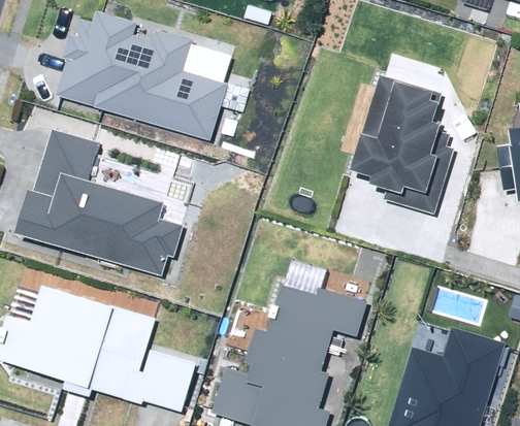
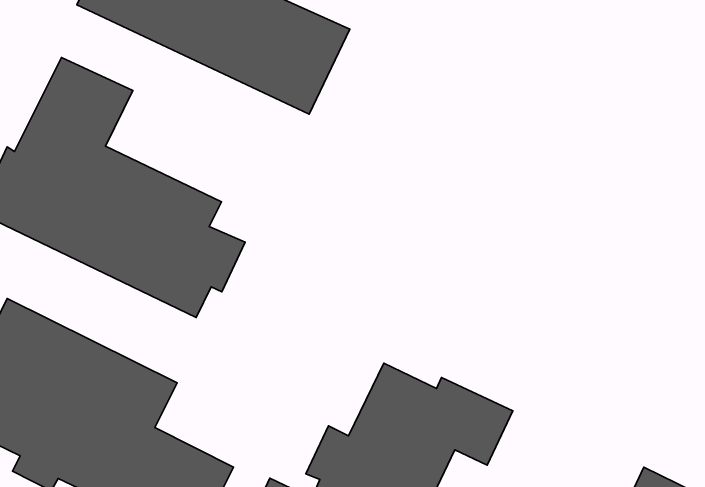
building: [349,77,457,216] -> none

